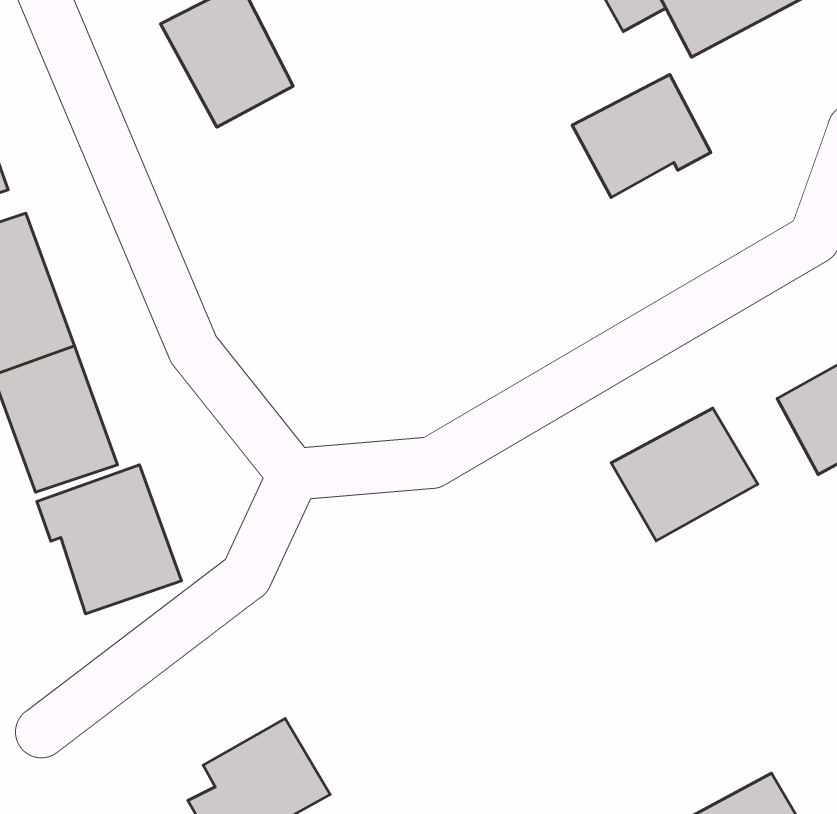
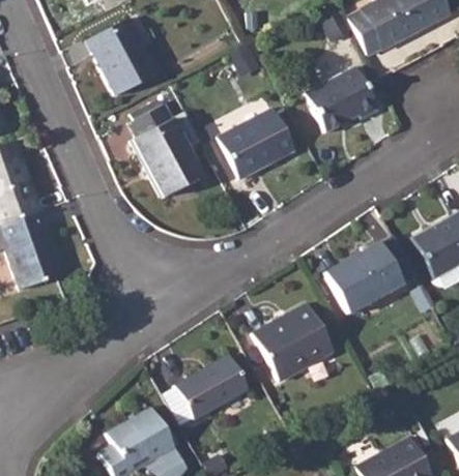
building: none -> [125,102,202,196]
building: none -> [218,108,294,177]
building: [37,465,181,614] -> none
building: none -> [253,303,334,380]
building: none -> [177,354,250,418]

